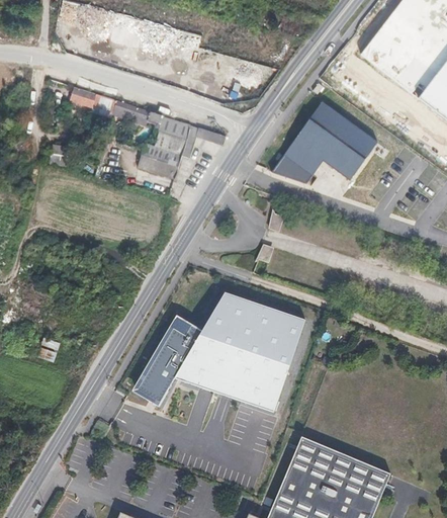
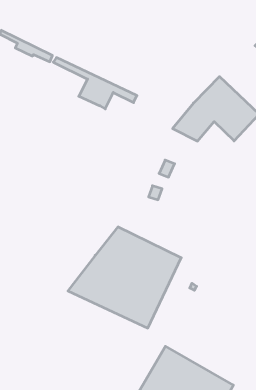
building: [138,143,182,179] -> none
building: [131,323,200,413] -> none

